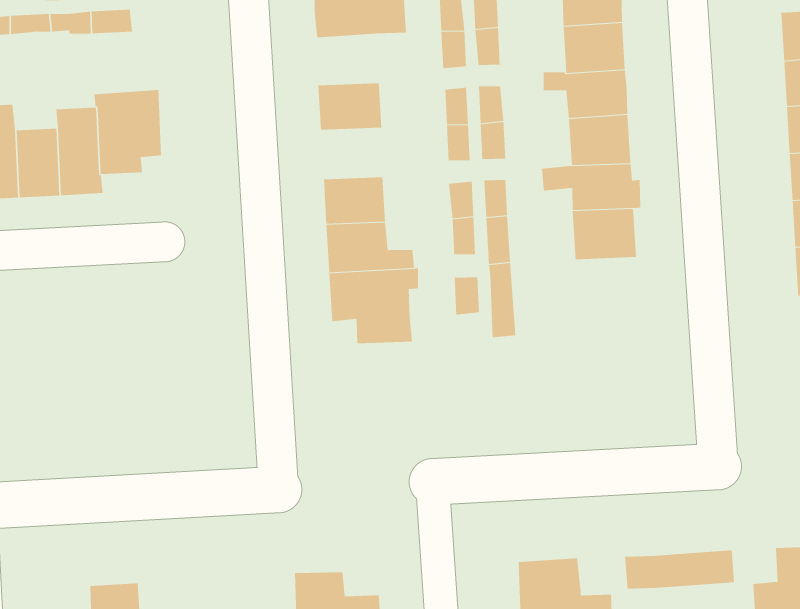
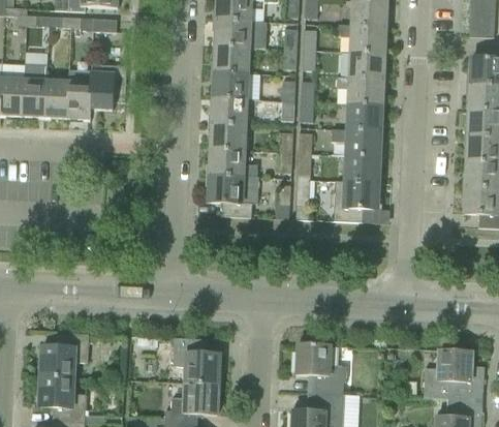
building: none -> [213,44,248,72]
building: none -> [211,95,246,124]
building: none -> [333,180,381,221]
building: [625,549,734,589] -> none

